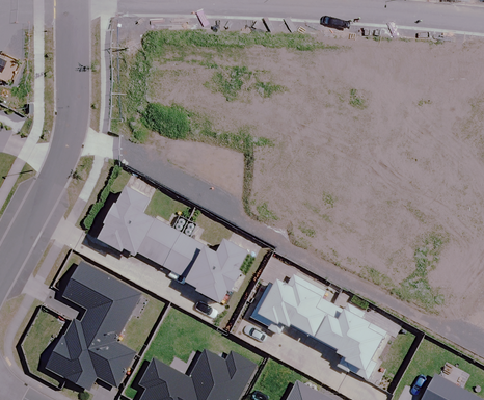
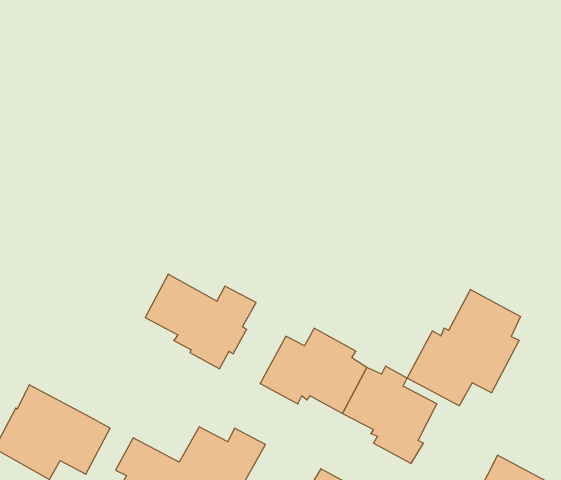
building: [98,189,181,266] -> none
building: none -> [407,289,520,406]
building: [63,262,142,341] -> none

